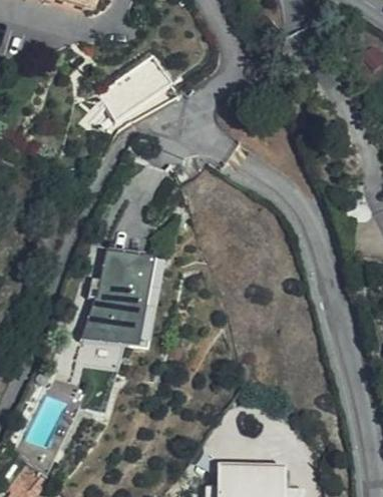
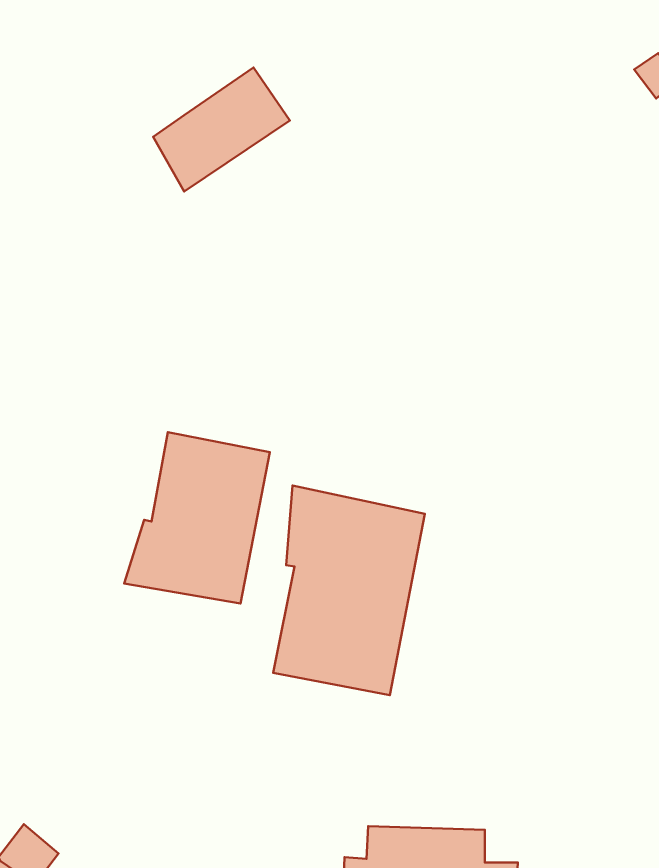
building: none -> [273,486,425,695]

